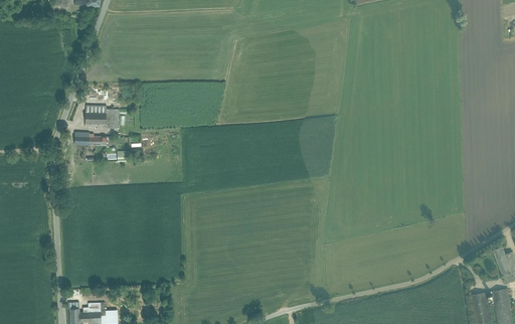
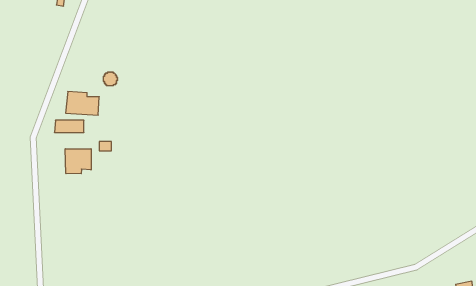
building: none -> [65,149,91,174]

